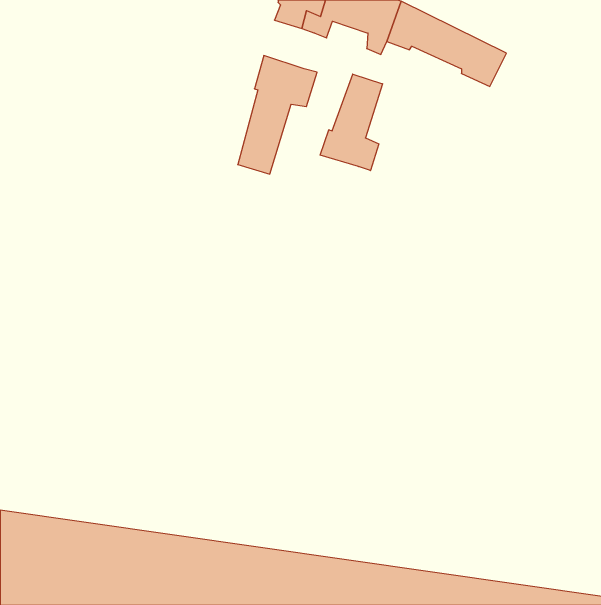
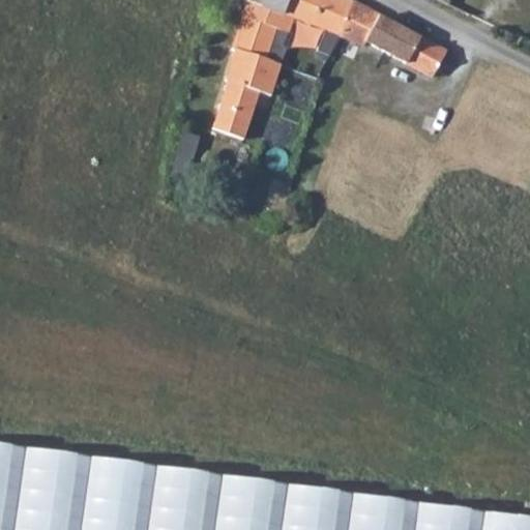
building: none -> [232,18,278,60]
building: [320,74,383,171] -> none

